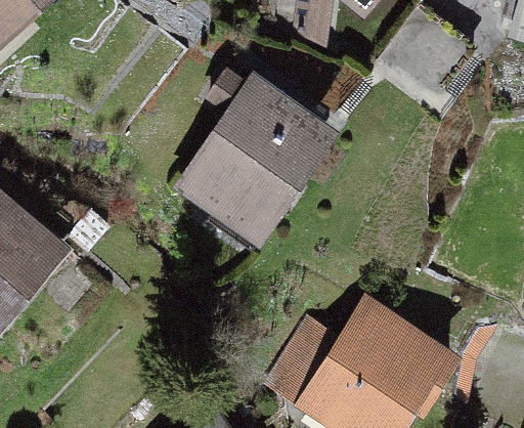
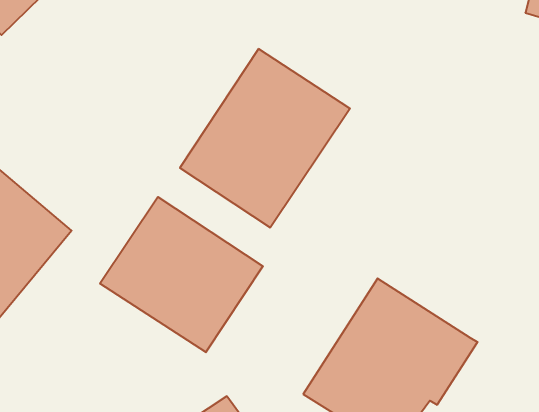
building: none -> [100,197,263,352]

